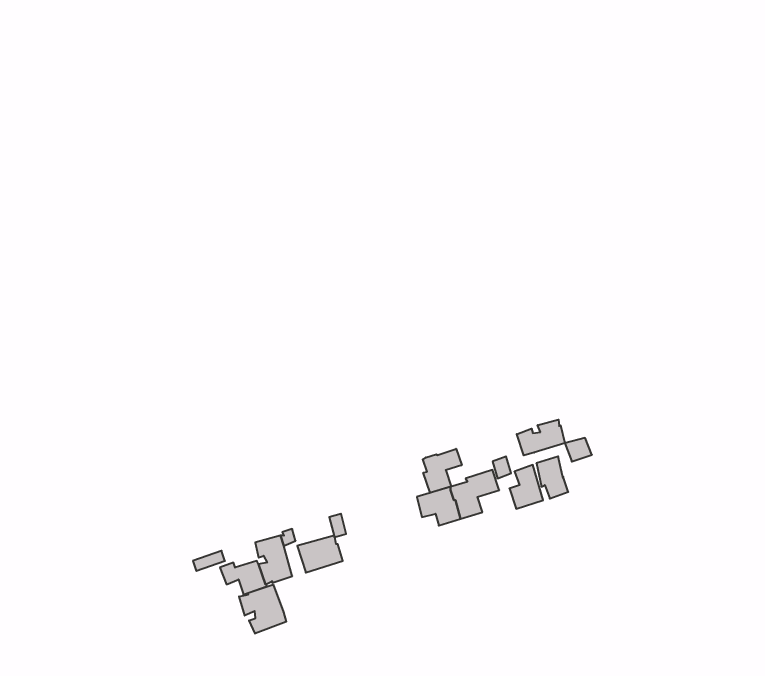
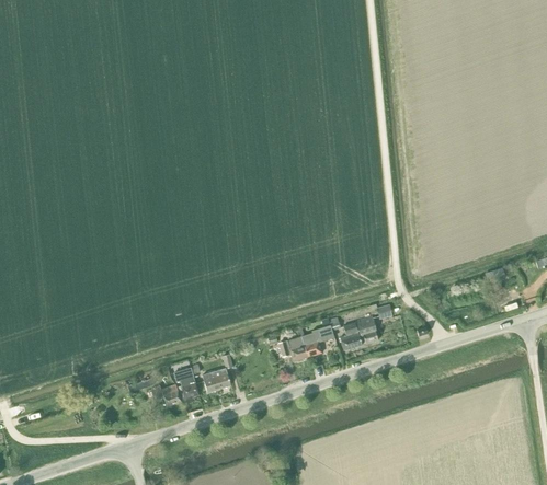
building: [517,420,565,455] -> none
building: [423,449,462,493] -> none
building: [239,585,286,634] -> none

